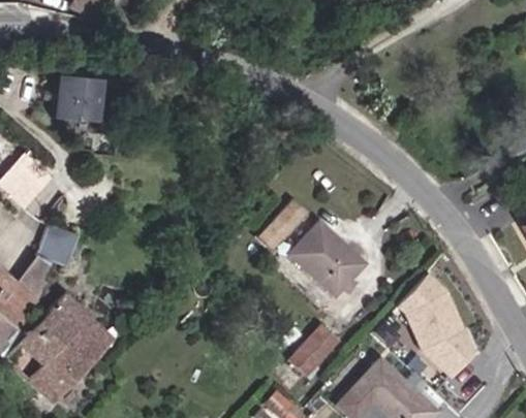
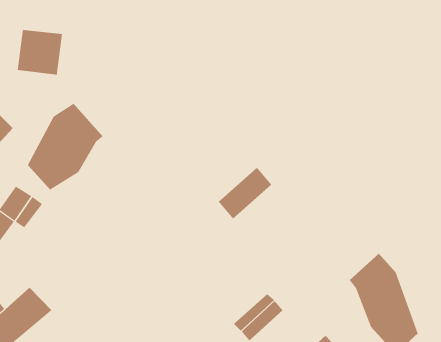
building: none -> [27,103,103,191]
building: [292,223,362,292] -> none
building: [51,295,119,356] -> none

